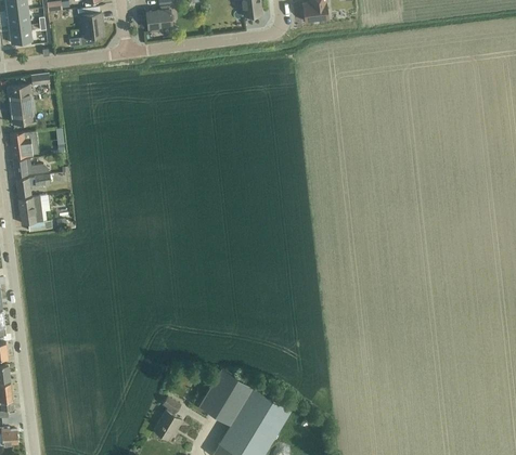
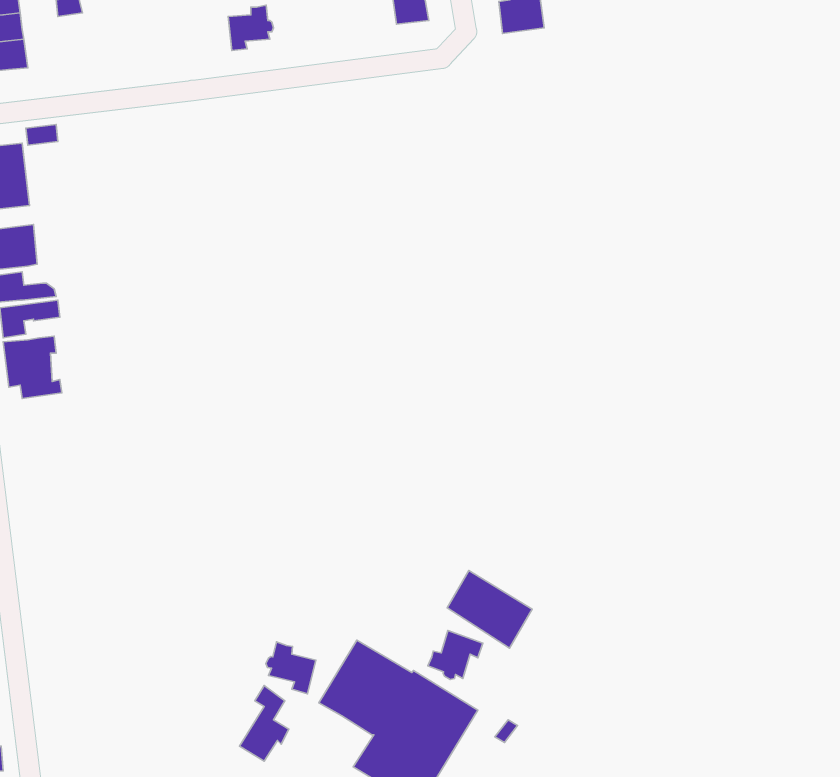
building: [81,13,102,47] -> none
building: none -> [447,571,532,648]
building: none -> [428,630,483,679]
building: none -> [266,642,316,694]

